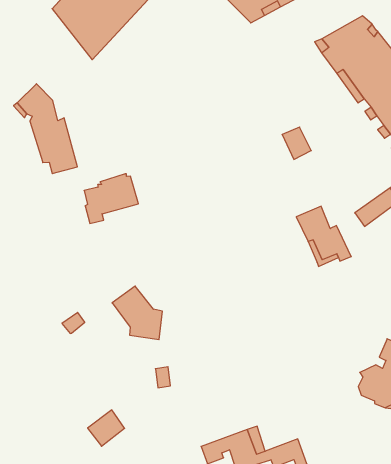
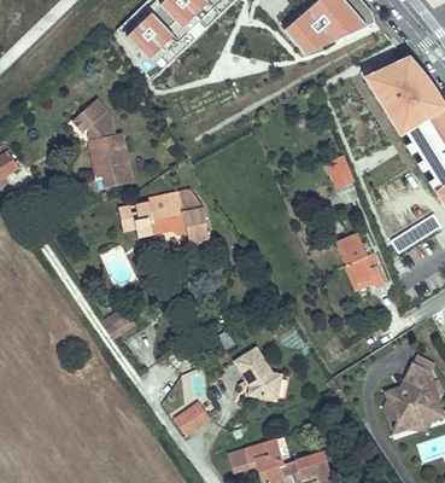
building: none -> [180,188,210,242]
building: [112,286,162,340] -> [235,348,282,400]
building: [88,410,125,446] -> [175,402,210,436]

